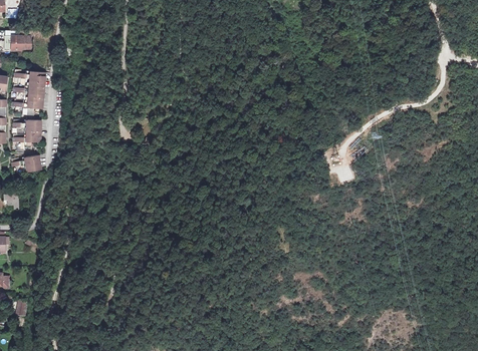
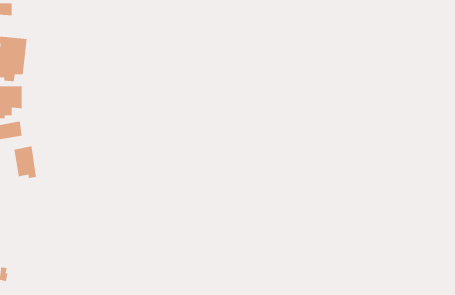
building: none -> [14,145,37,179]

